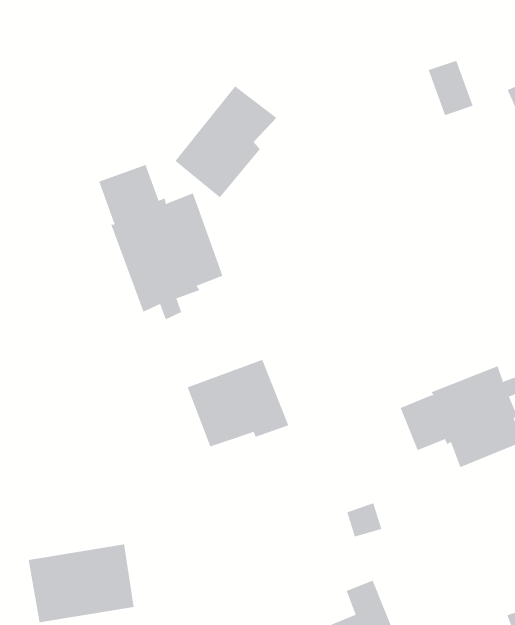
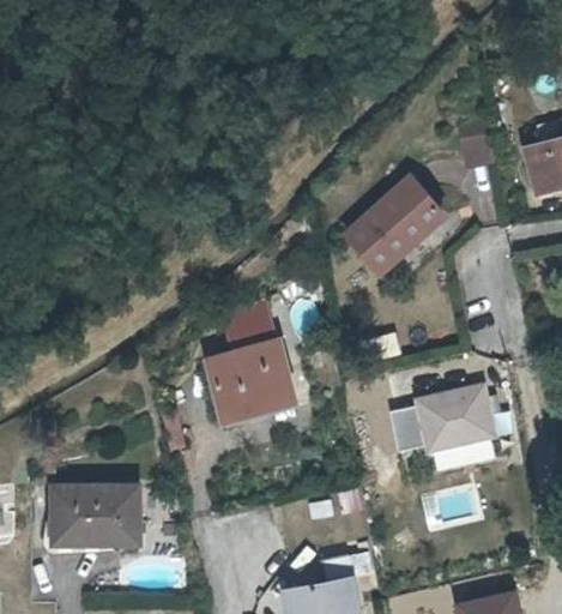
building: [174,85,277,198] -> [344,171,439,267]
building: [98,164,223,320] -> none
building: none -> [225,309,279,359]

